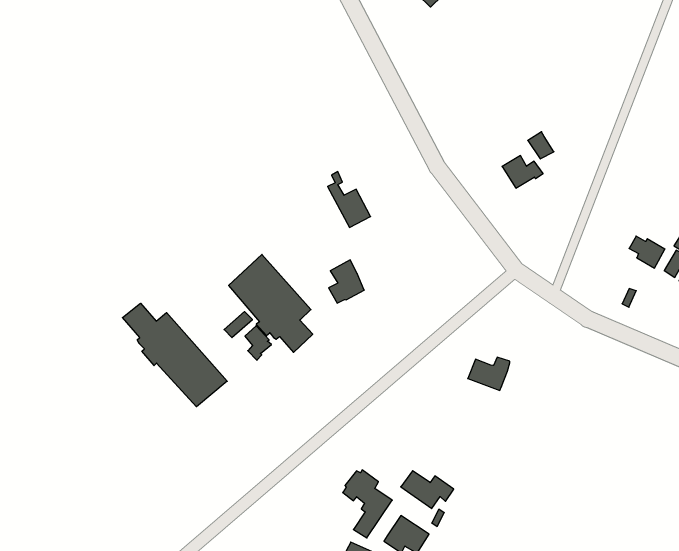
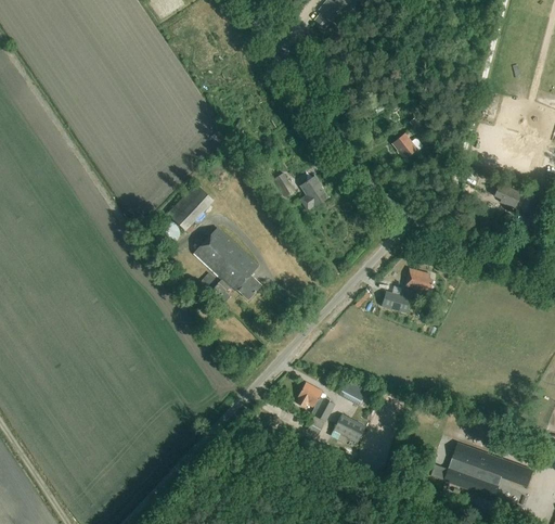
building: none -> [167,182,212,229]
building: [329,260,364,303] -> [300,176,327,209]
building: [122,303,227,407] -> none
building: none -> [404,268,433,290]

